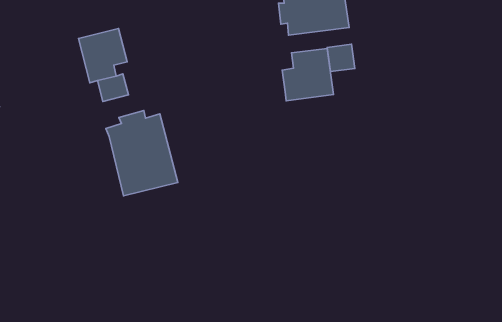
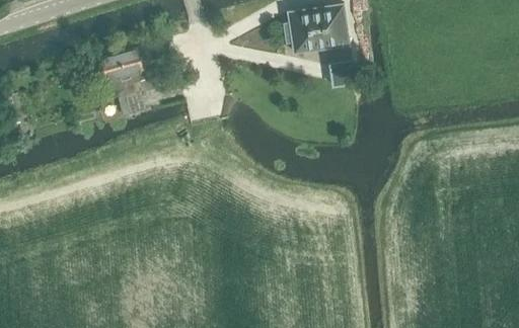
building: [282,48,334,101] -> none
building: [106,111,178,196] -> none

